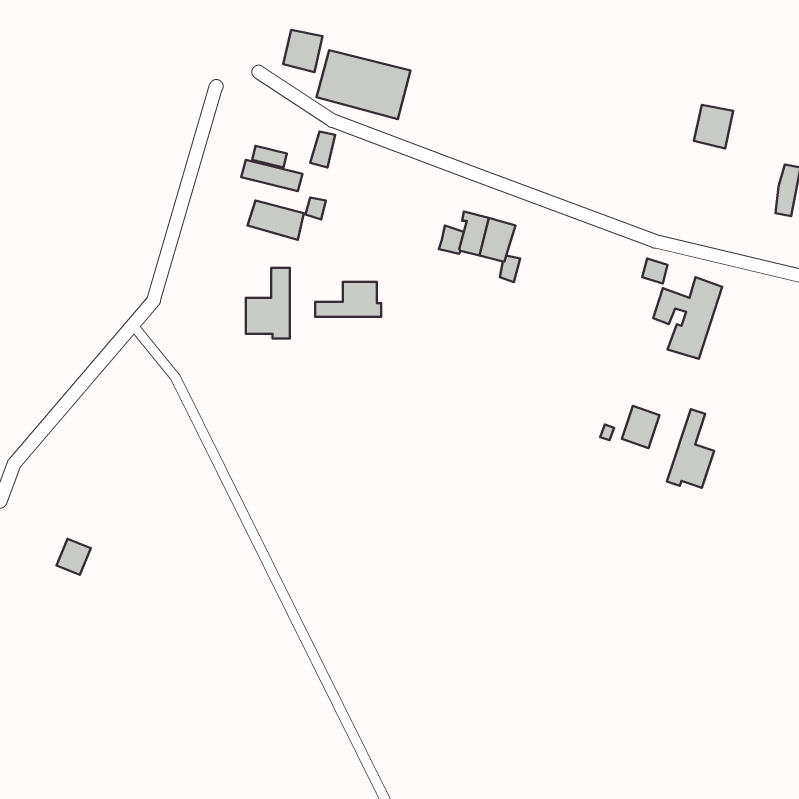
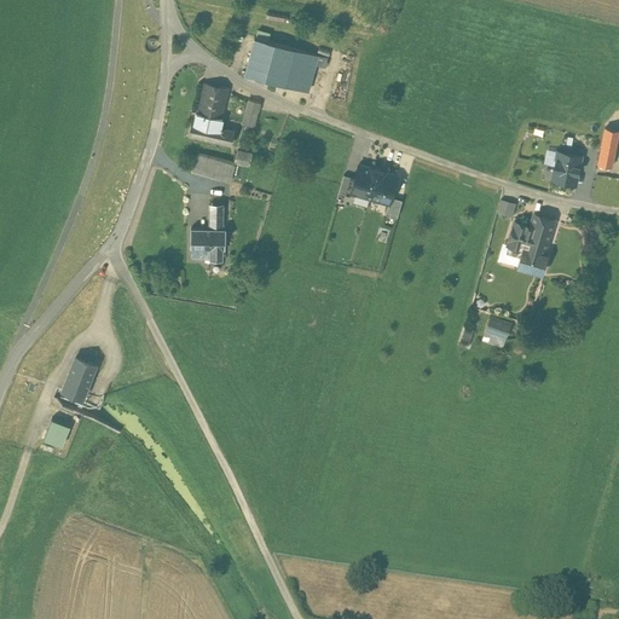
building: [283,30,322,72] -> [198,87,228,120]
building: [694,105,733,149] -> [553,151,583,185]
building: [315,282,381,317] -> none
building: [667,409,714,488] -> none
building: none -> [63,357,97,399]

